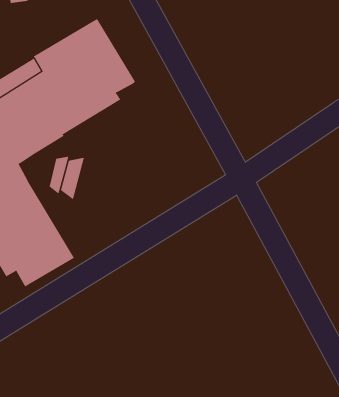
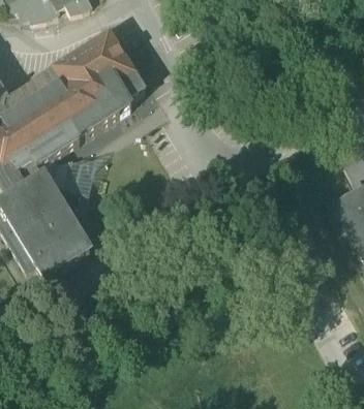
building: none -> [38,157,72,189]

